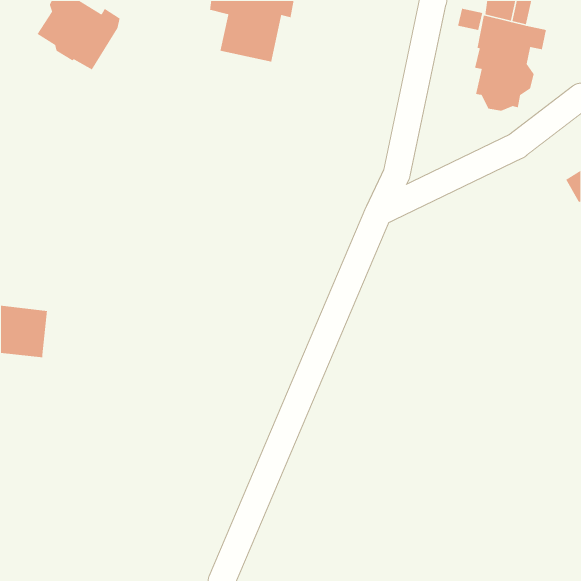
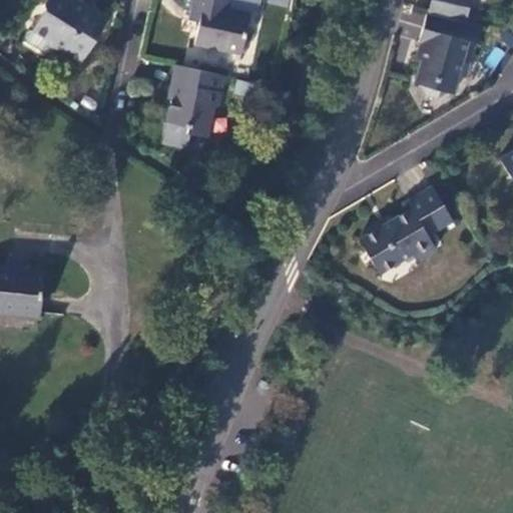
building: none -> [165,65,223,137]
building: none -> [358,187,452,275]

